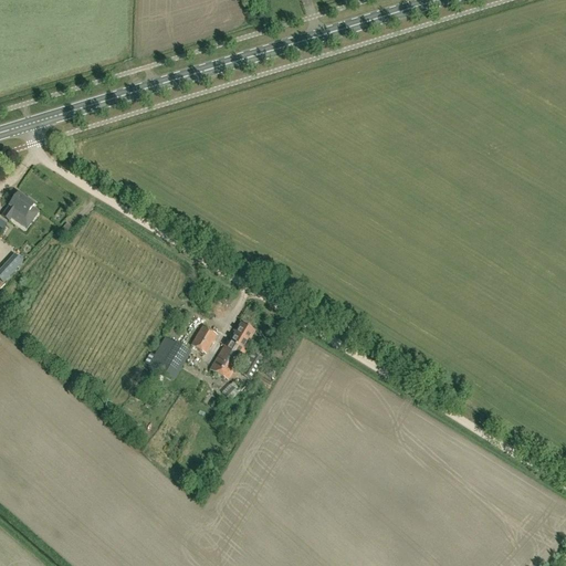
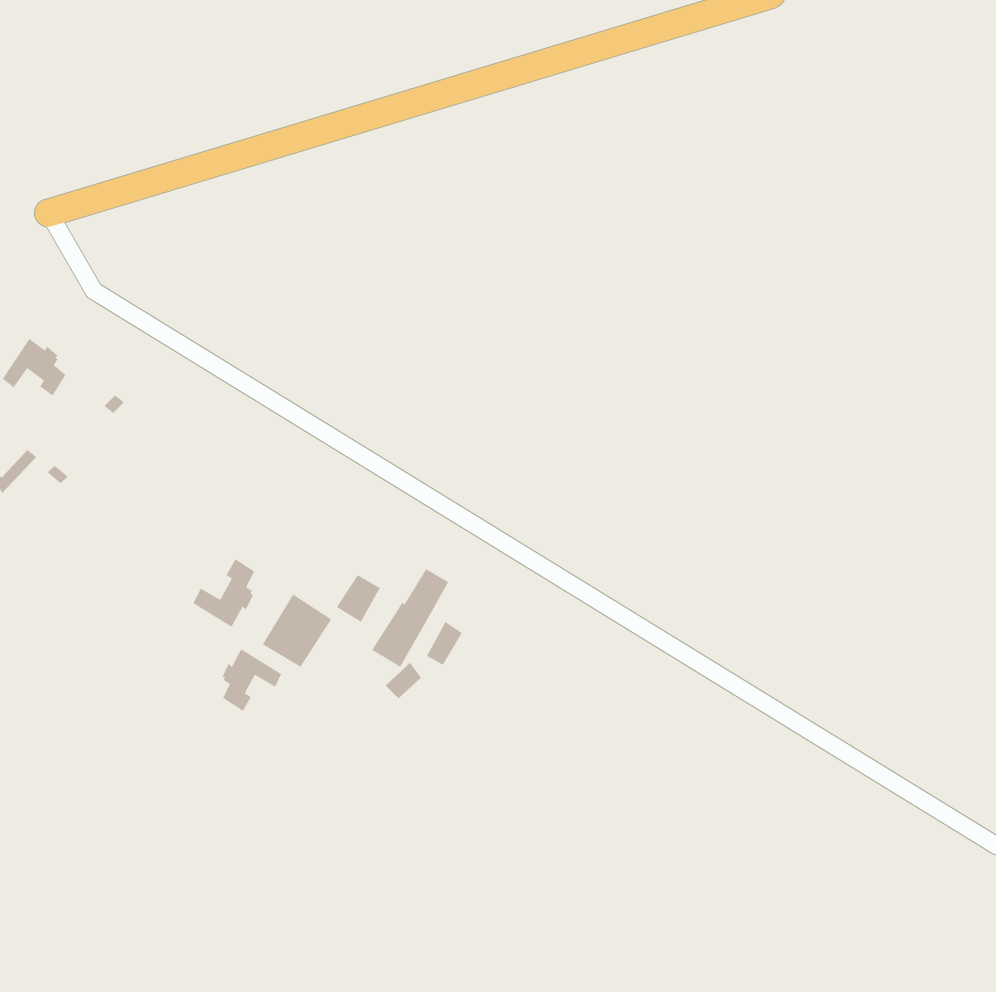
building: none -> [192,558,255,628]
building: none -> [221,648,282,712]

